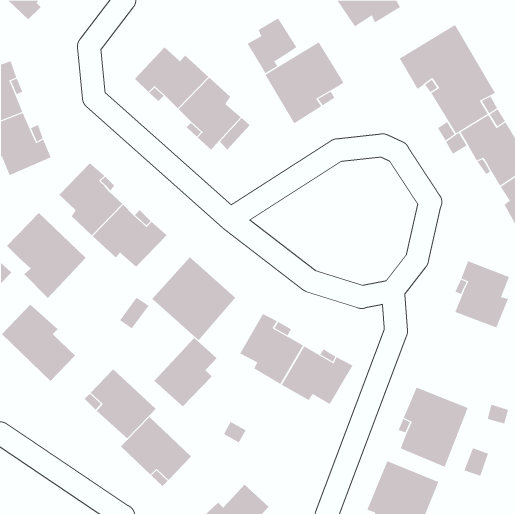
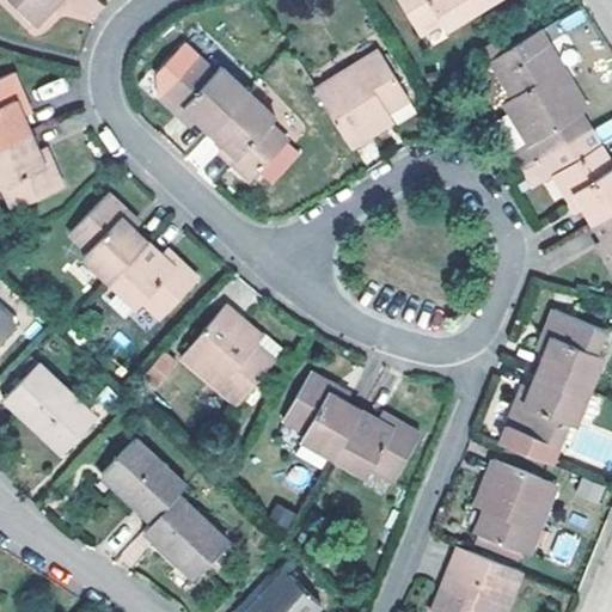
building: [247,17,297,74] -> none
building: [6,212,86,299] -> none
building: none -> [501,372,589,464]
building: [154,337,218,407] -> none

